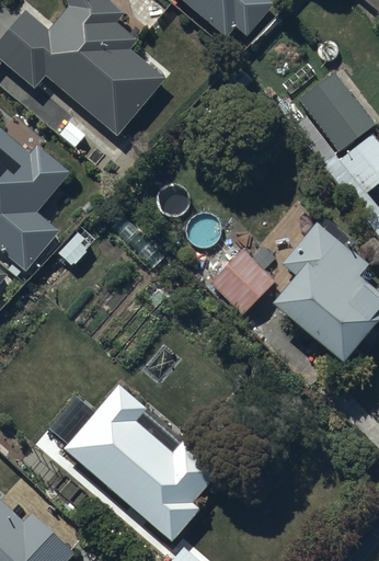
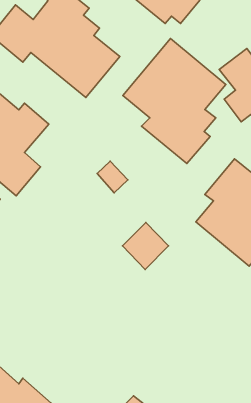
building: none -> [123,39,226,164]
building: [211,249,274,312] -> [123,223,169,269]
building: [60,385,218,542] -> none

